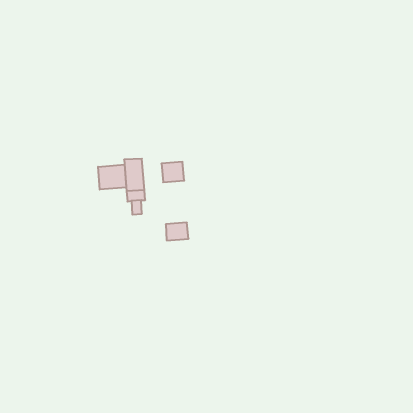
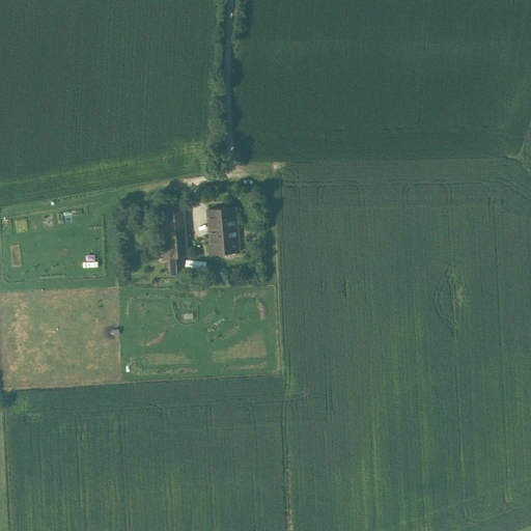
building: [98,165,126,190] -> none
building: [166,223,189,240] -> [208,232,237,255]

